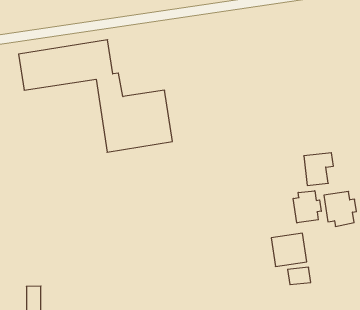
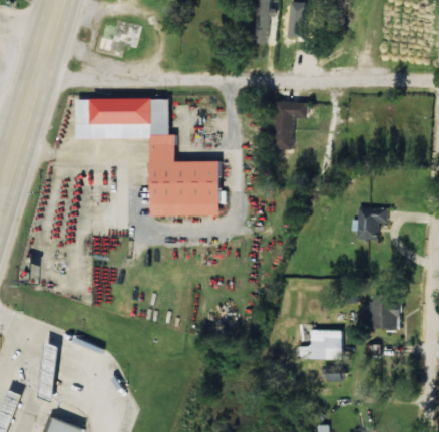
building: none -> [273,101,306,150]
building: [304,153,333,185] -> [355,207,385,240]
building: [293,191,321,223] -> none

